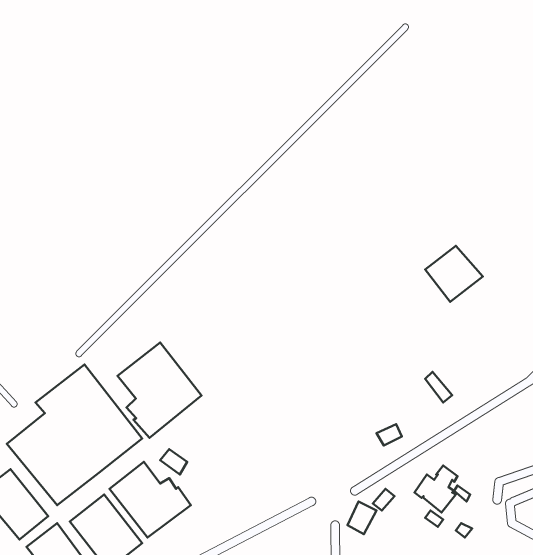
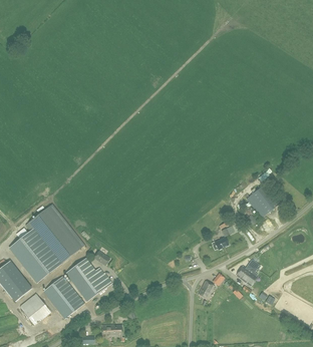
building: [425,246,483,302] -> [246,186,278,217]
building: [117,343,202,438] -> none

